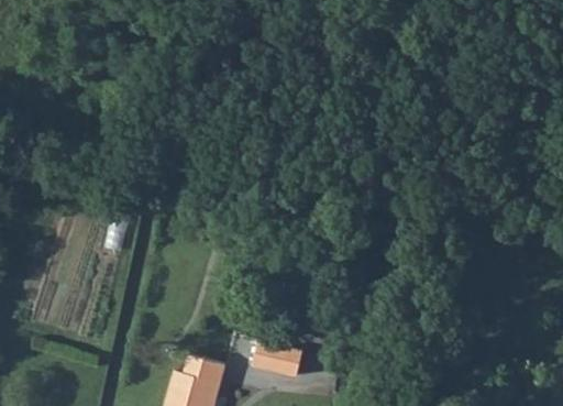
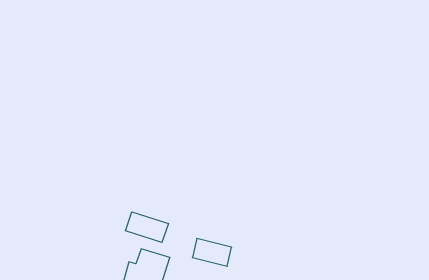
building: none -> [125,212,168,242]

